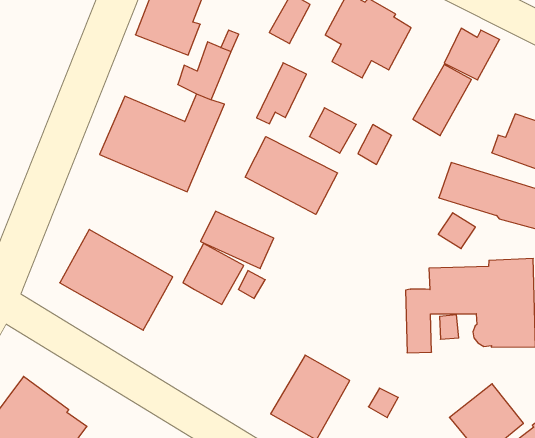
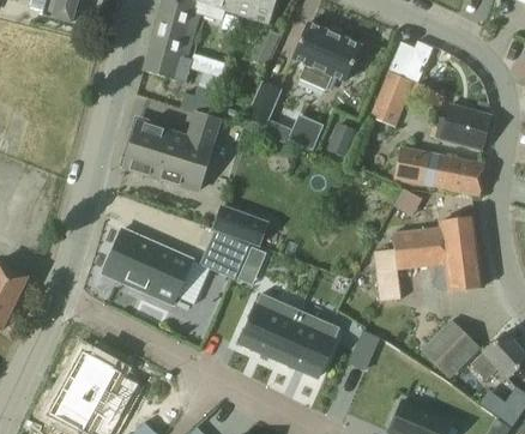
building: [245,137,338,214] -> none
building: none -> [176,259,210,302]
building: none -> [240,293,302,360]

